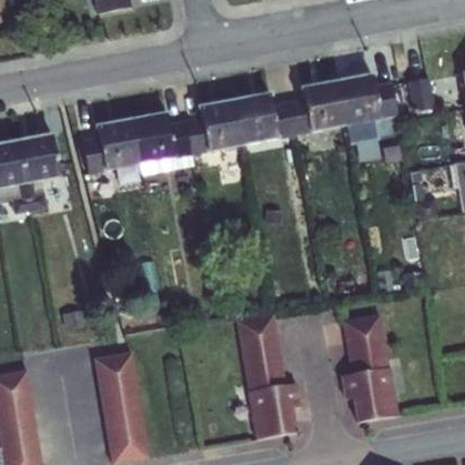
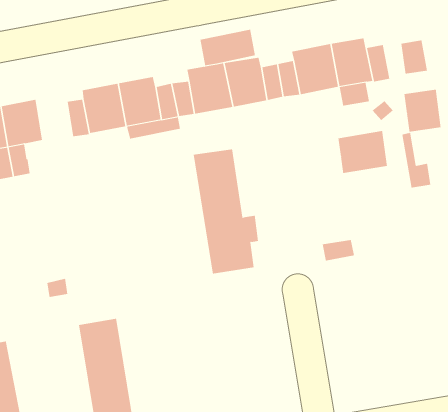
building: none -> [200,29,256,66]
building: none -> [404,89,441,133]
building: none -> [338,130,388,174]
building: [236,312,301,434] -> [193,149,259,274]
building: [341,312,398,419] -> none

